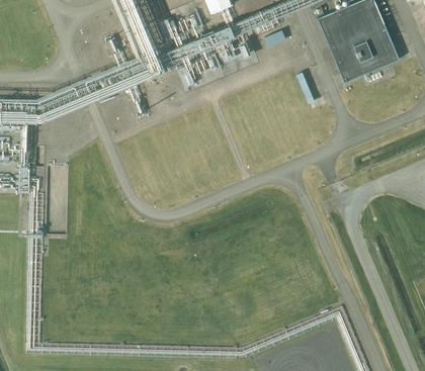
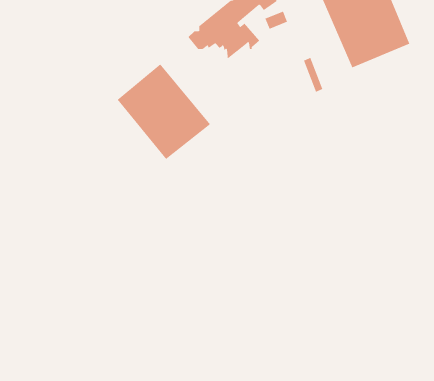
building: none -> [117,64,211,160]

